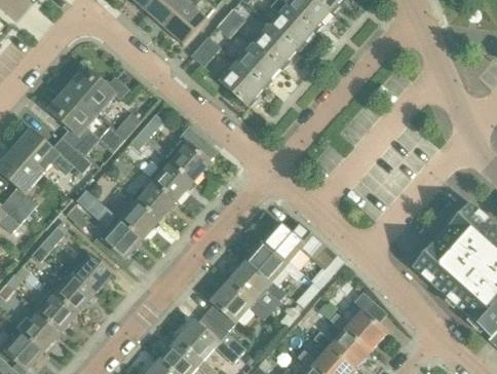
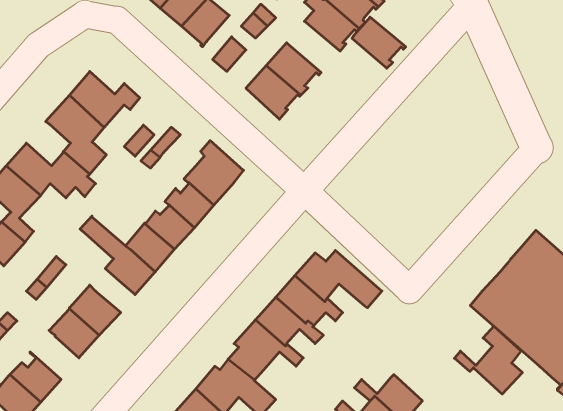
building: [255,23,301,67] -> [352,17,406,68]
building: [331,291,389,349] -> [454,326,522,394]
building: [34,294,76,331] -> none

